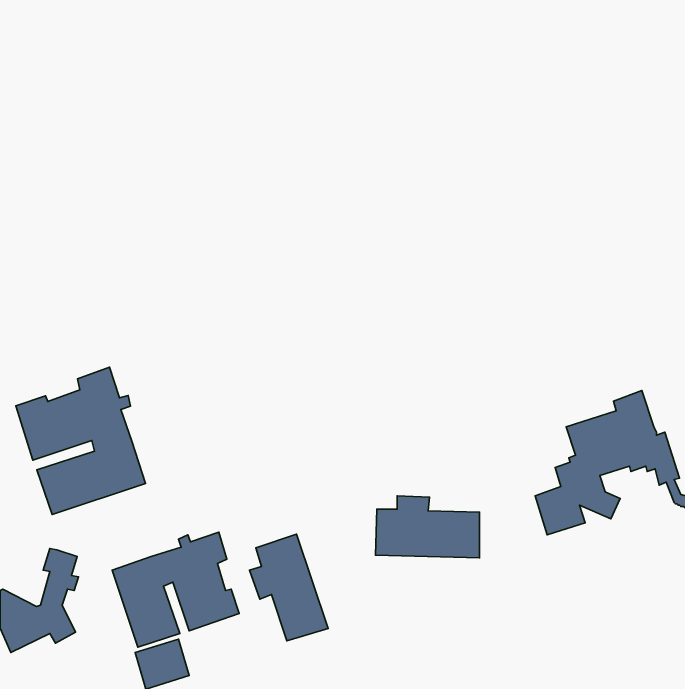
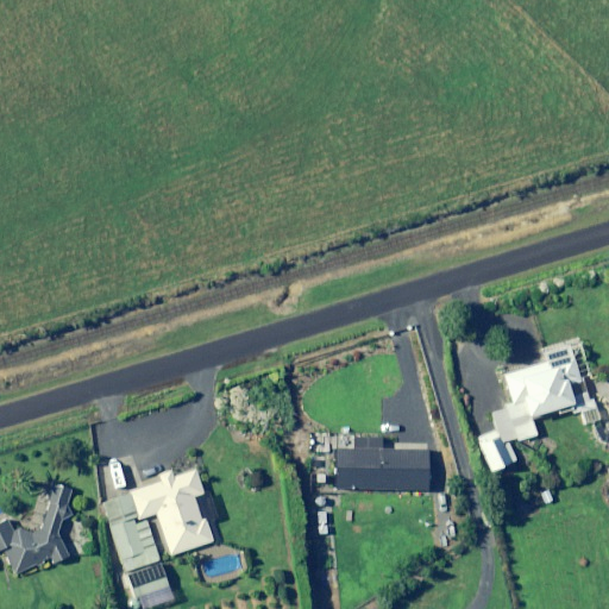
building: [16,367,145,515] -> none
building: [250,534,328,641] -> none

